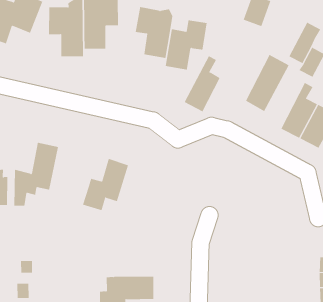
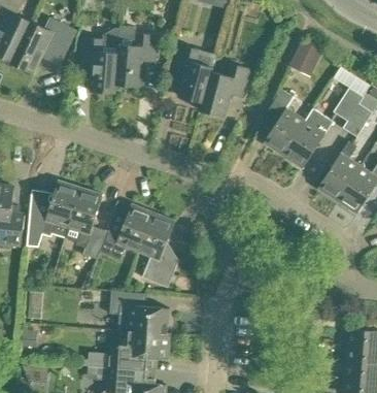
building: [184,56,227,112] -> [264,95,313,155]
building: none -> [67,187,108,259]
building: none -> [138,212,179,287]
building: none -> [110,291,170,333]

